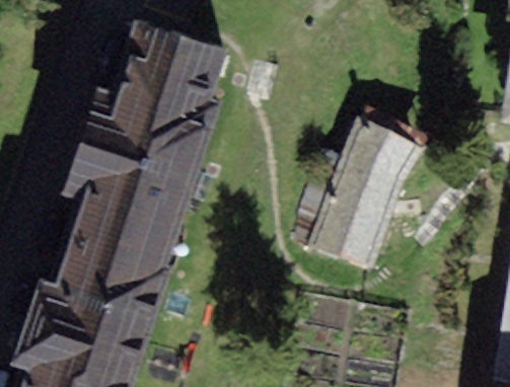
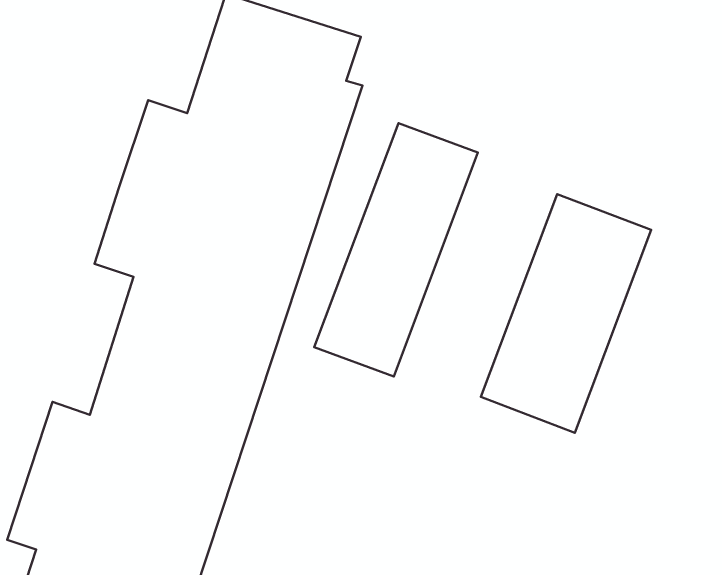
building: none -> [314,123,478,377]

